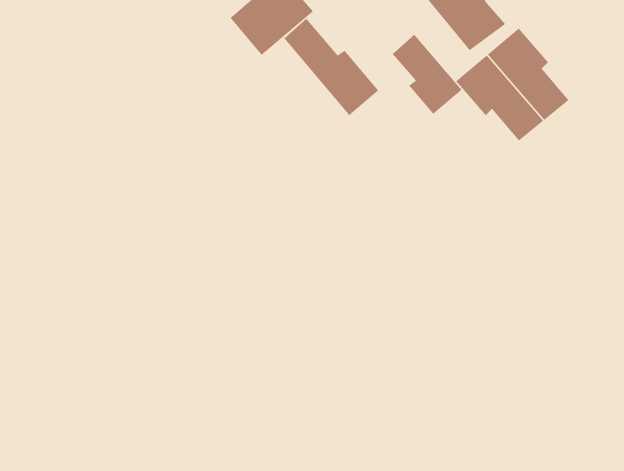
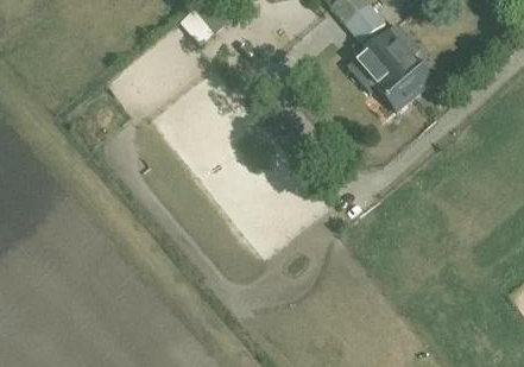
building: [283,18,379,116] -> none
building: [392,34,462,115] -> none

